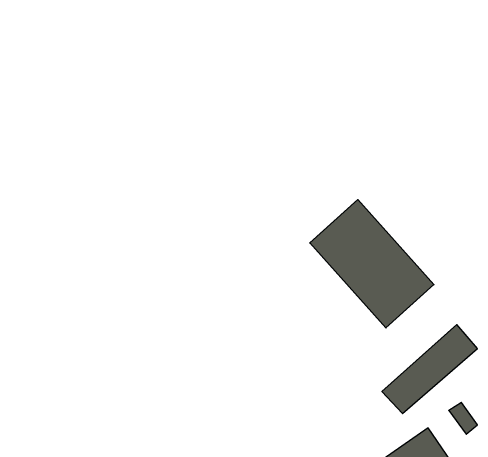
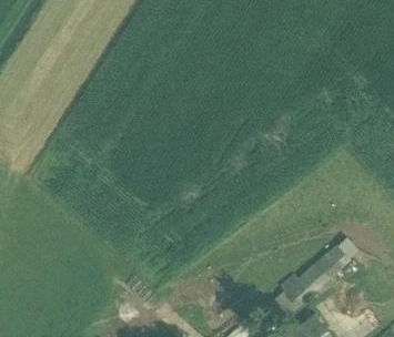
building: [310,200,434,328] -> none

